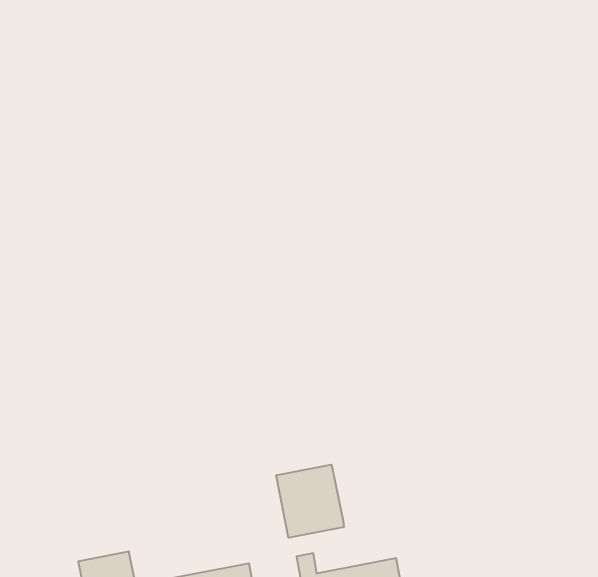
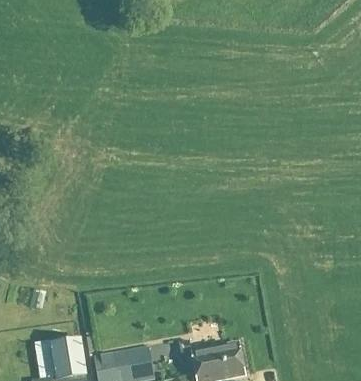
building: [276,465,344,538] -> none

